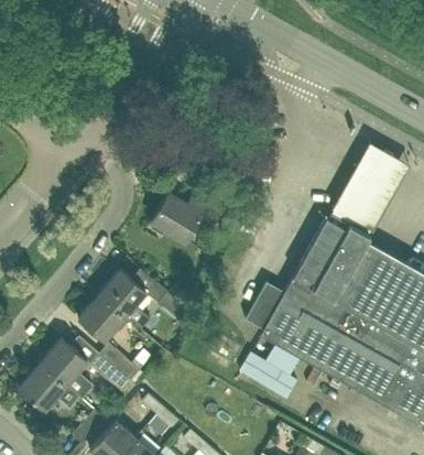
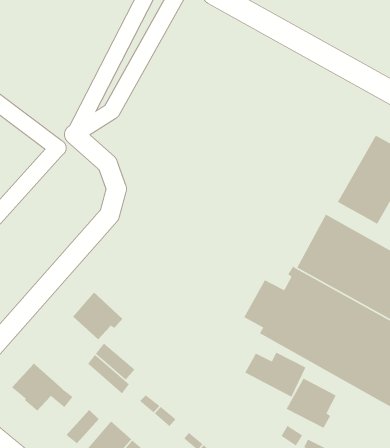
building: [150,189,221,241] -> none
building: [98,270,165,328] -> none
building: [40,338,86,389] -> none
building: none -> [285,378,337,429]

